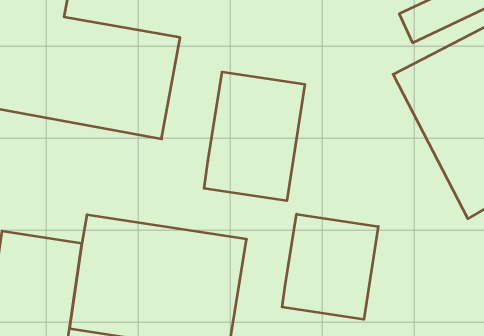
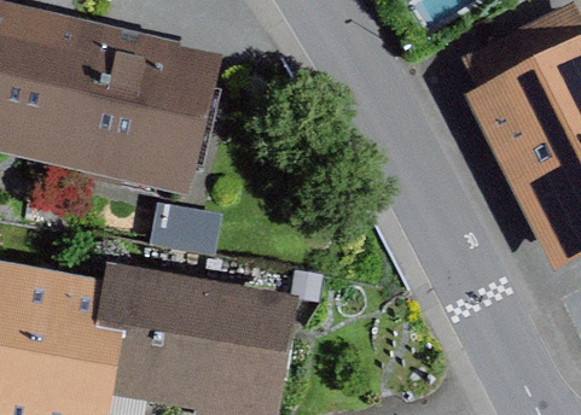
building: [204,72,305,201] -> none
building: [282,214,378,319] -> none

